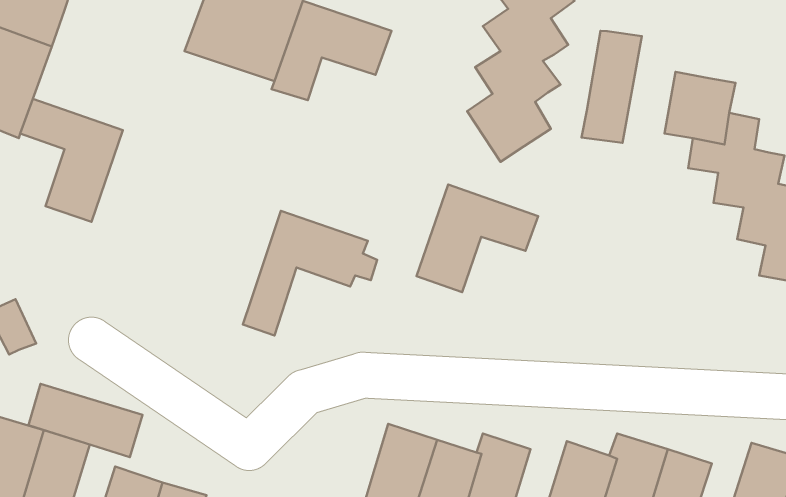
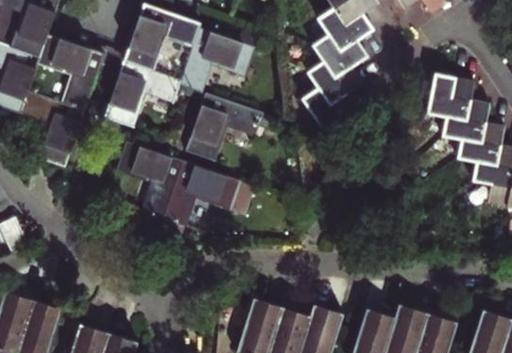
building: none -> [28,35,103,111]
building: [582,31,642,143] -> none
building: none -> [104,61,181,128]
building: none -> [117,142,185,219]
building: [416,185,538,292] -> [186,94,263,162]
building: [29,384,143,457] -> none

